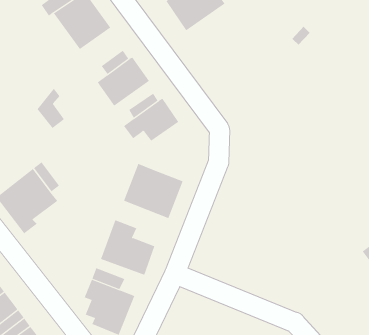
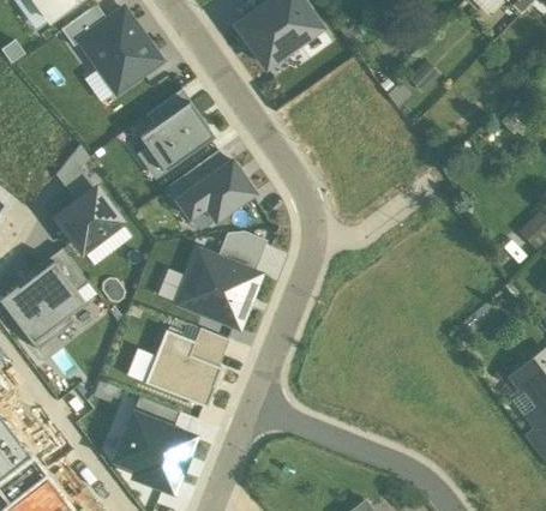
building: none -> [58,190,120,251]
building: none -> [217,233,266,273]
building: none -> [190,330,228,366]

